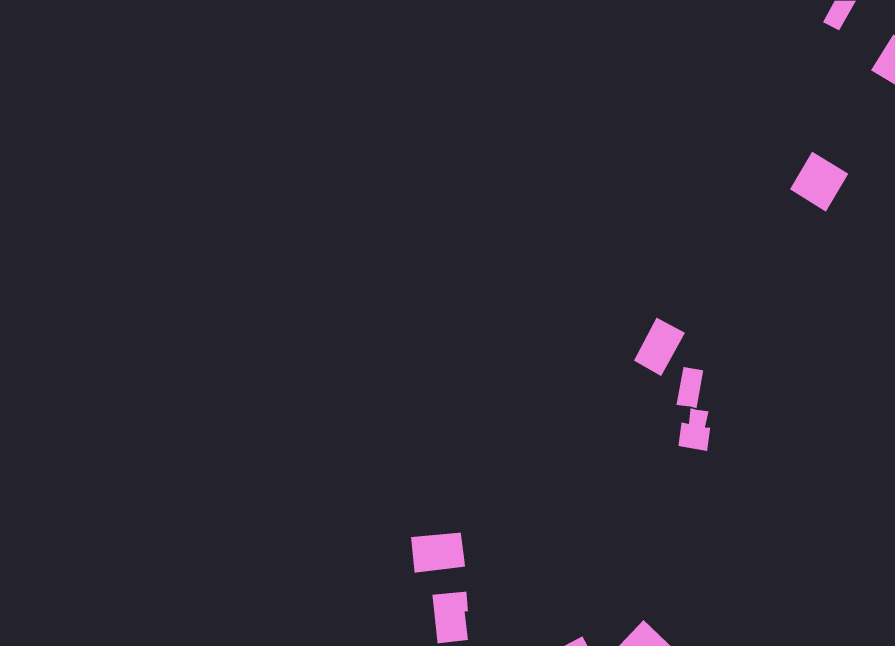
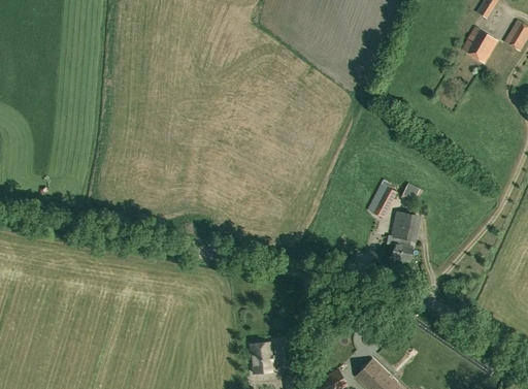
building: [789,150,849,213] -> [462,27,497,63]
building: [410,532,466,574] -> none

